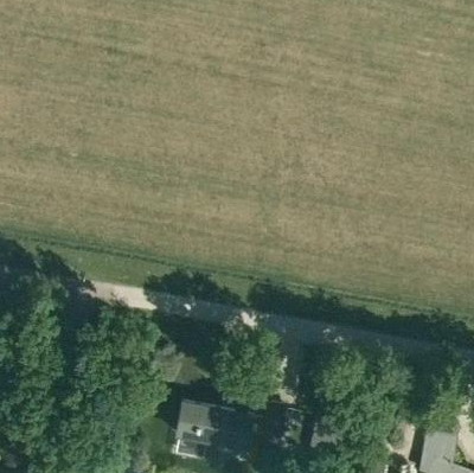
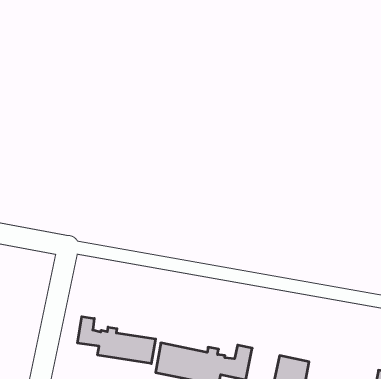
building: none -> [78,317,156,364]

